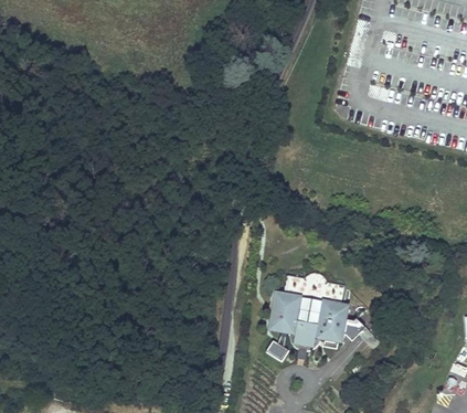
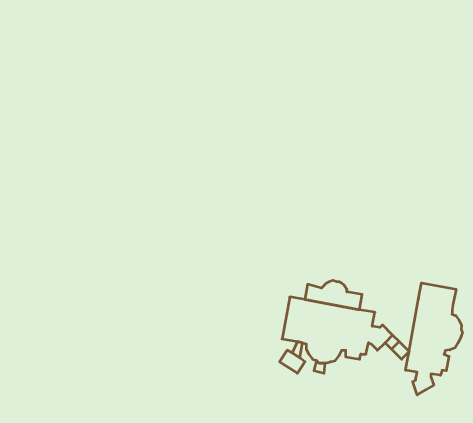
building: none -> [406,283,462,395]

